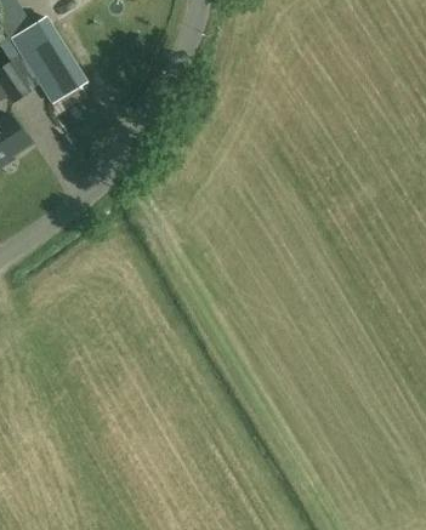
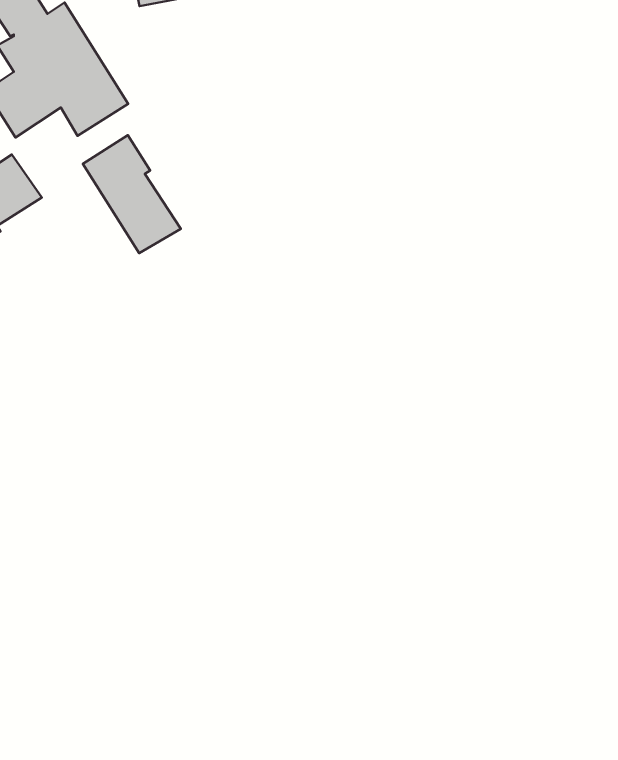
building: none -> [83,135,181,253]

